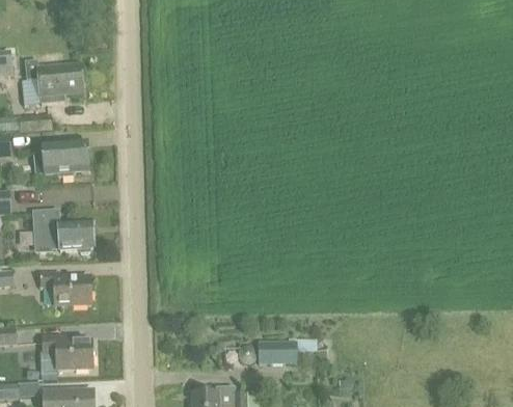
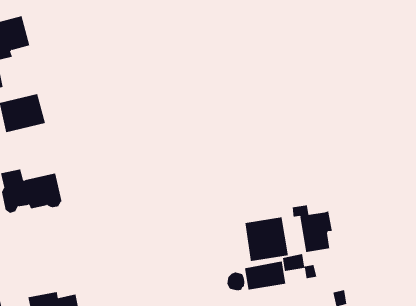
building: [41,271,90,306] -> none
building: none -> [292,205,332,253]
building: none -> [245,217,288,262]

